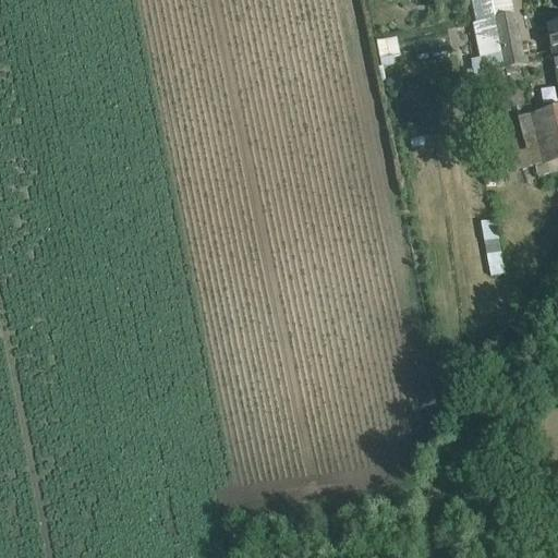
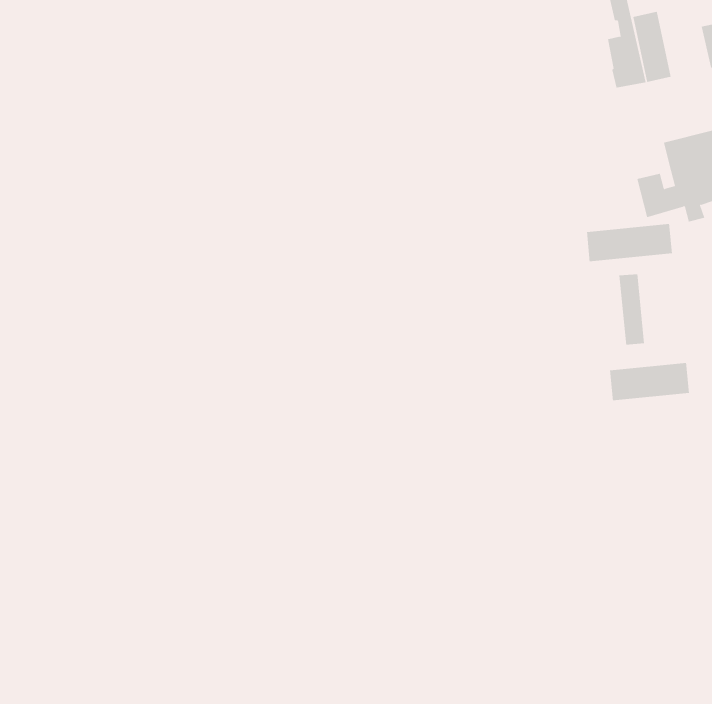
building: none -> [586,223,672,262]
building: none -> [610,362,689,401]

